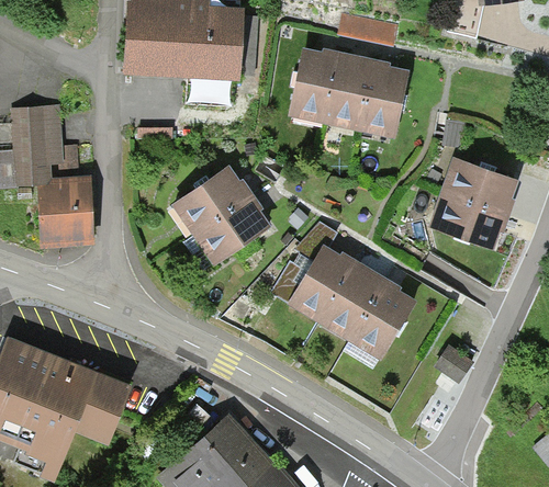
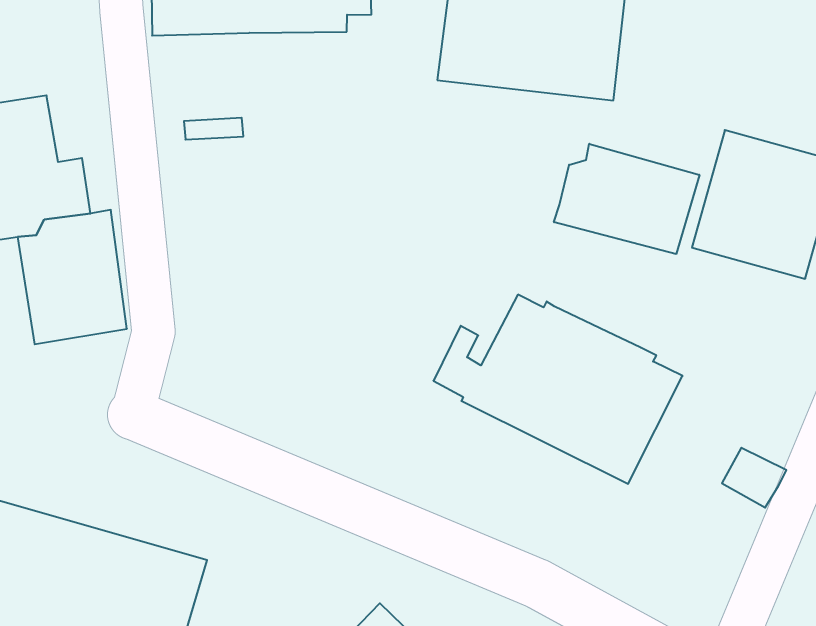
building: none -> [554,144,699,254]
building: [172,166,269,264] -> none

